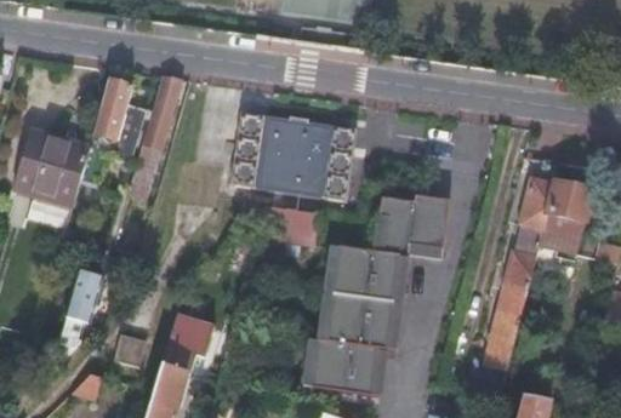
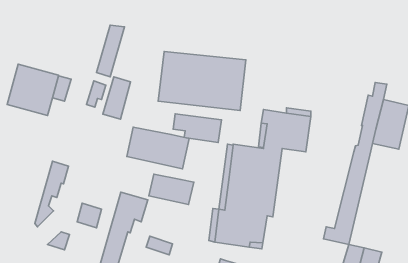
building: [91,80,131,141] -> [103,77,131,119]
building: none -> [127,127,189,169]
building: none -> [149,174,194,205]

